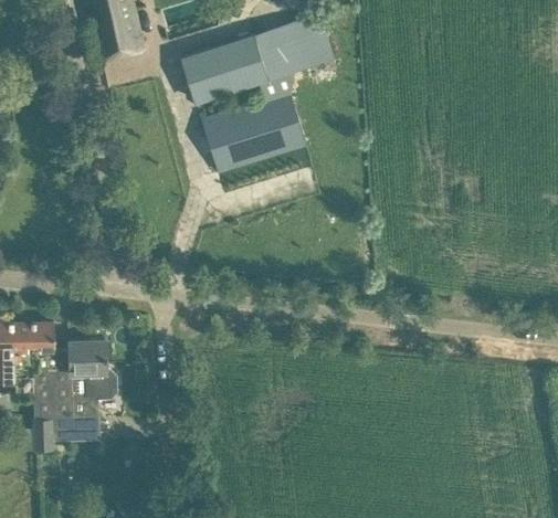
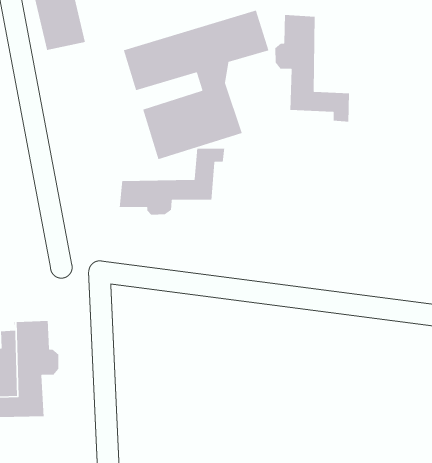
building: none -> [275,14,350,122]
building: none -> [119,148,225,216]

